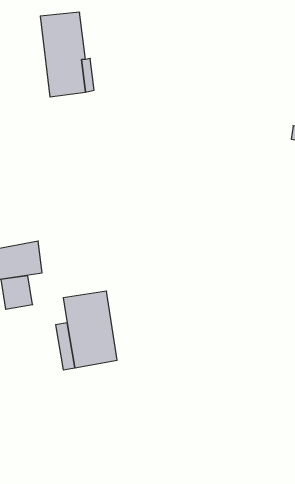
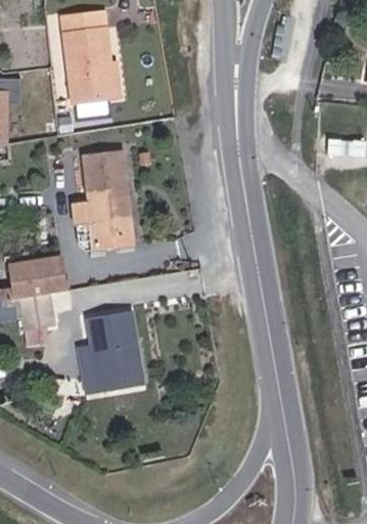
building: none -> [82,150,134,239]

